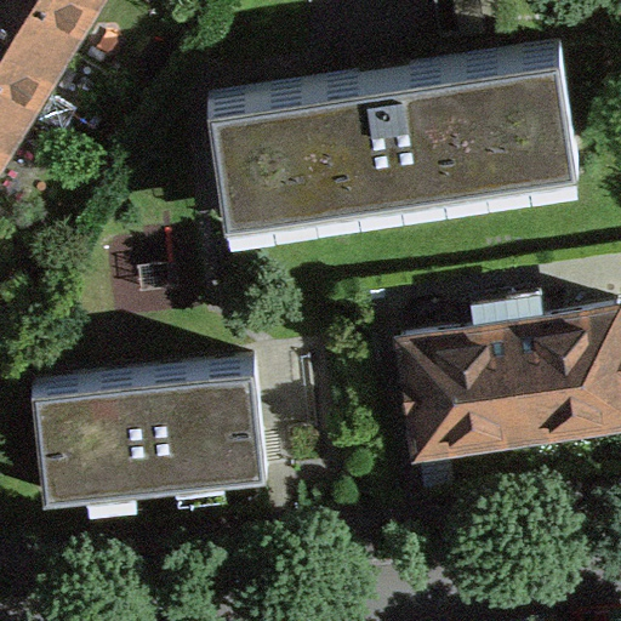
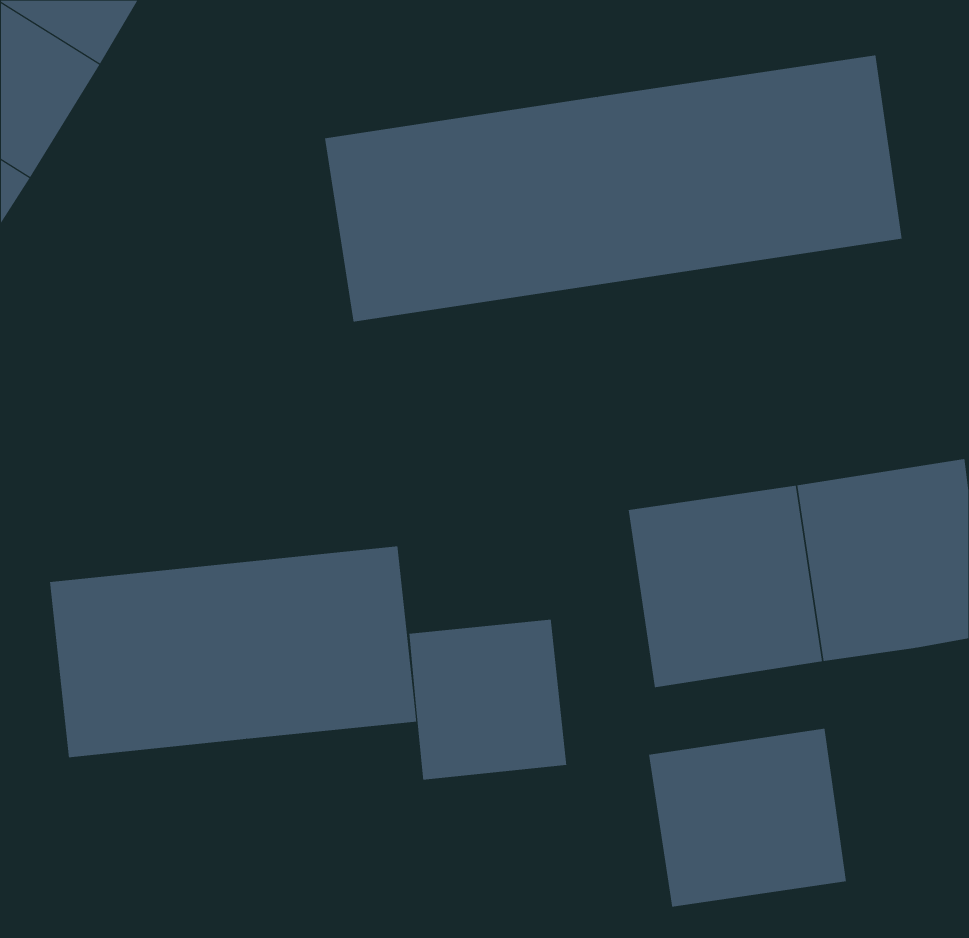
building: none -> [409,619,567,780]
building: none -> [648,728,846,907]

